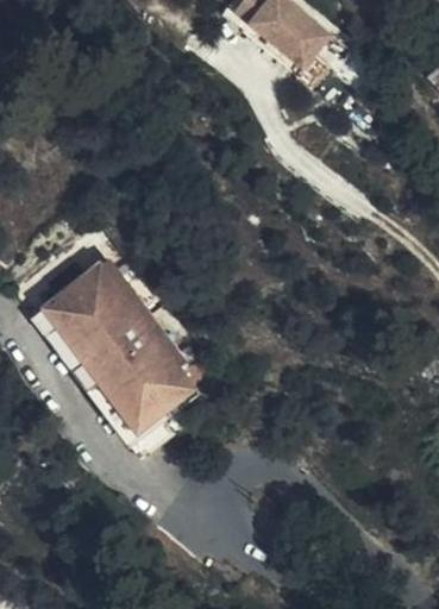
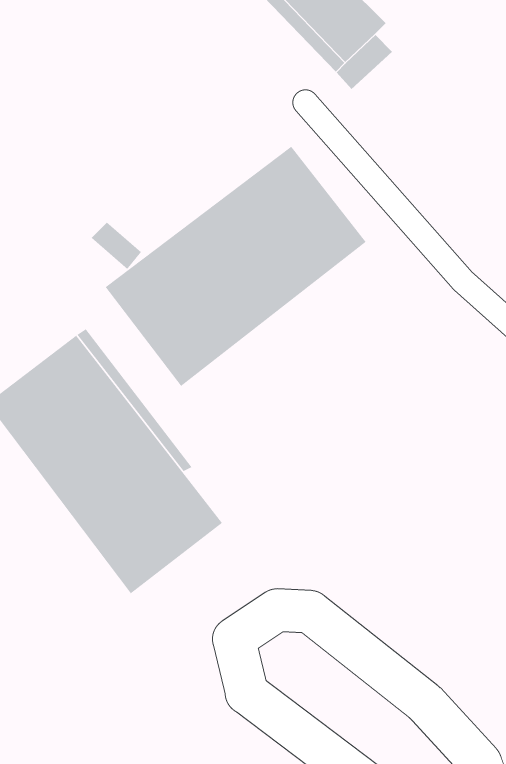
building: none -> [105,146,367,387]

